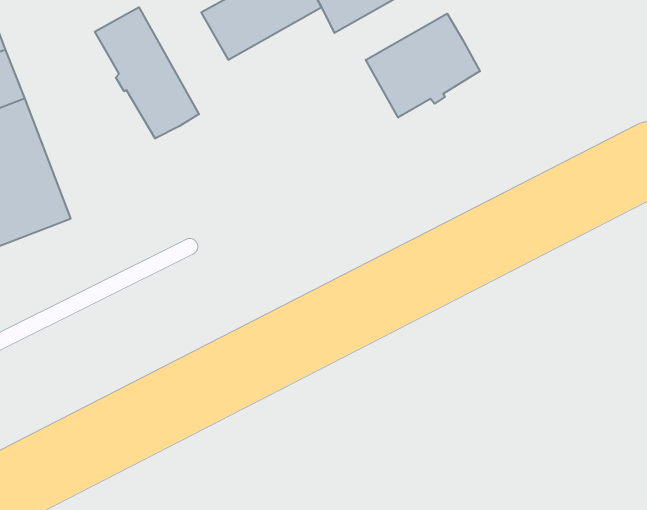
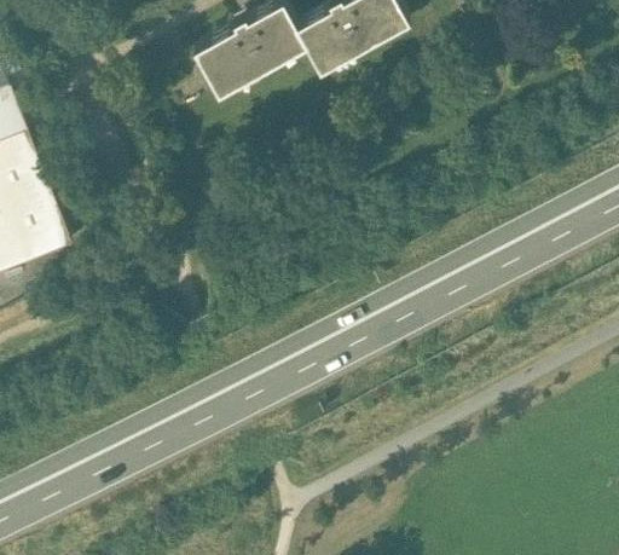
building: [95,7,199,139] -> none
building: [366,14,480,118] -> none

